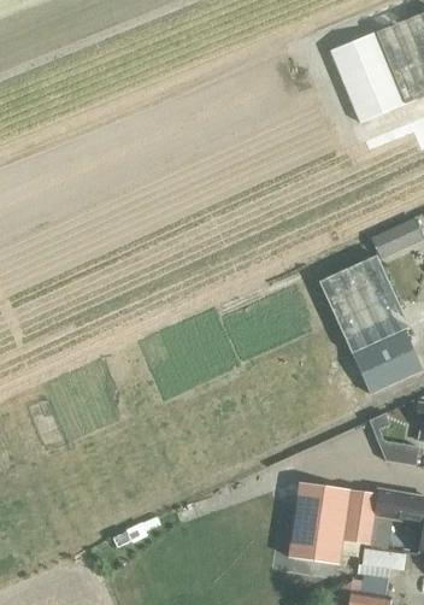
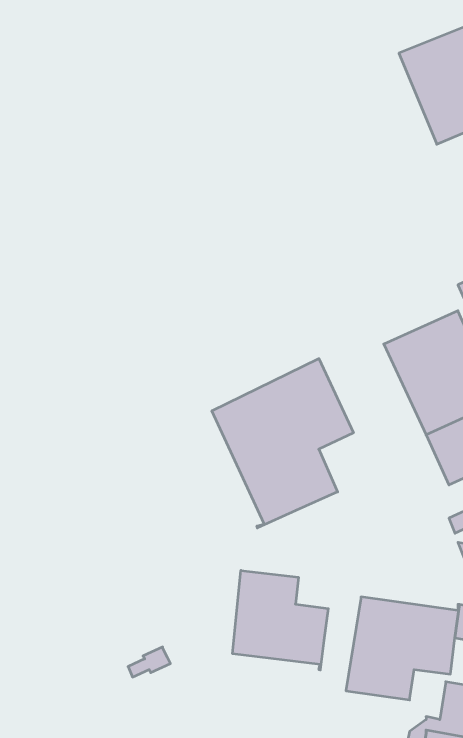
building: none -> [212,359,353,528]
building: none -> [233,570,328,670]

